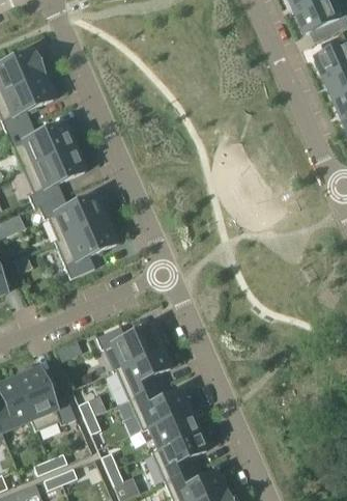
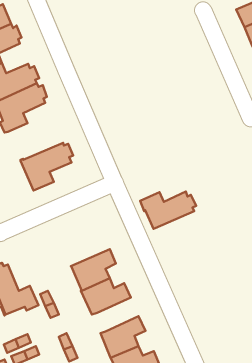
building: [38,195,108,240] -> none
building: [96,325,165,370] -> [140,191,196,229]
building: [147,408,198,449] -> none

